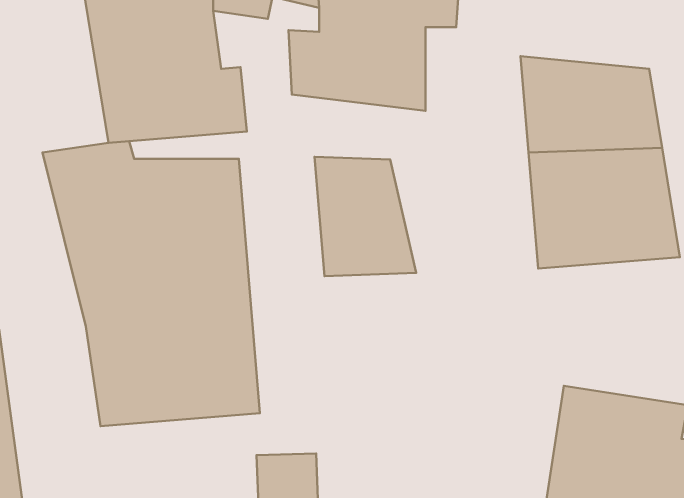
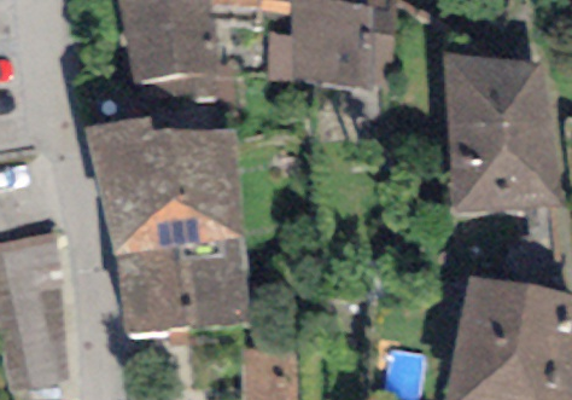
building: [315,157,416,276] -> none

